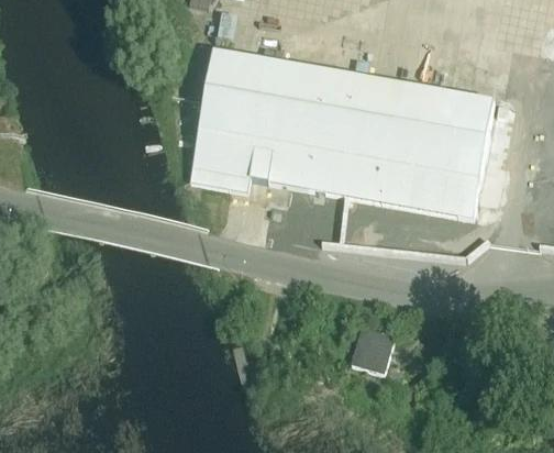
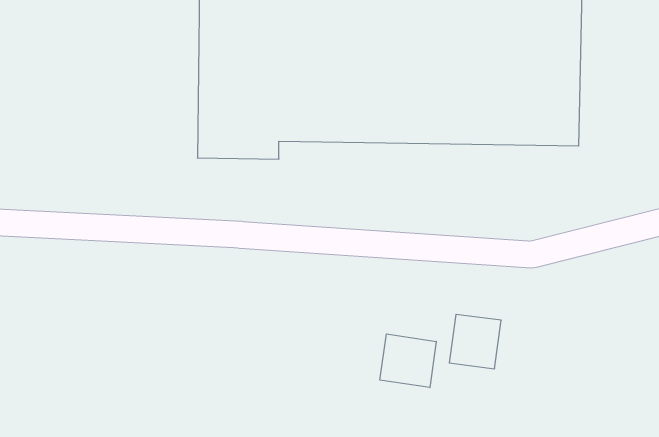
building: none -> [380,334,436,388]

